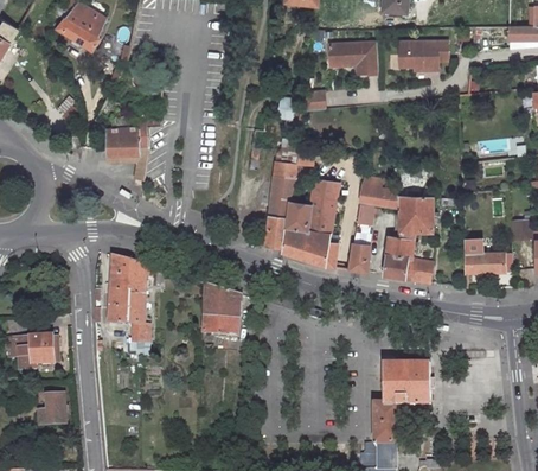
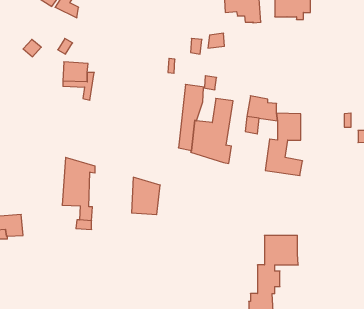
building: [465,238,512,272] -> none
building: [348,242,370,272] -> none
building: [38,394,64,425] -> none

